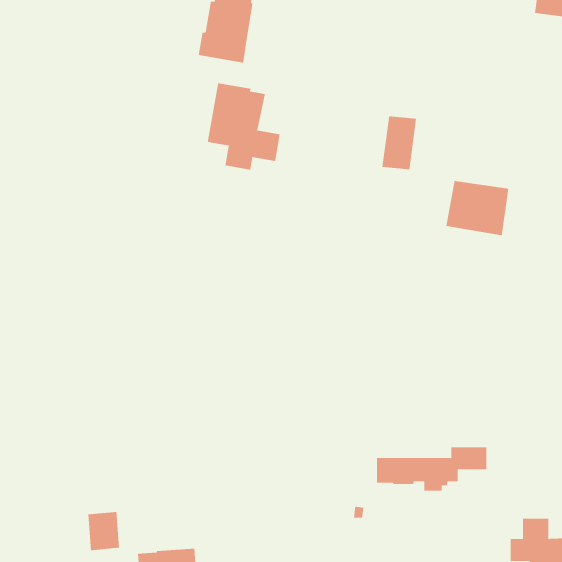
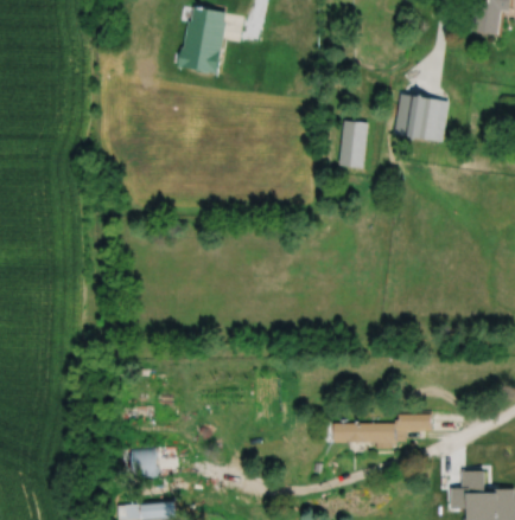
building: [207,82,280,170] -> none
building: [446,180,509,236] -> [393,94,449,142]
building: [87,512,120,551] -> [128,445,157,480]

